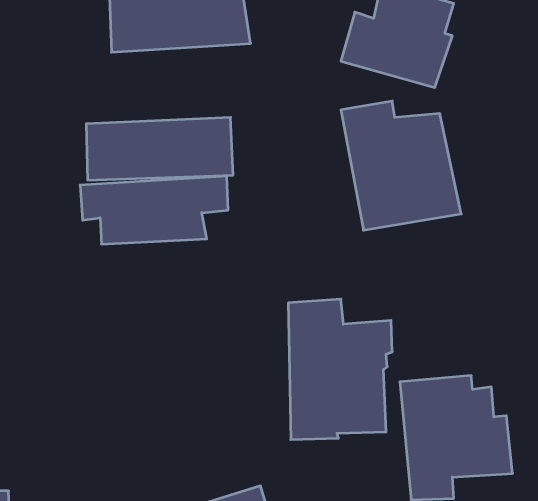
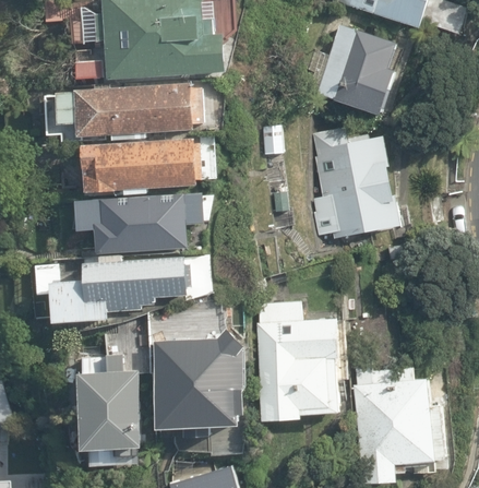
building: none -> [45,84,200,142]
building: none -> [47,255,188,321]
building: none -> [149,329,246,435]
building: none -> [71,357,140,455]

